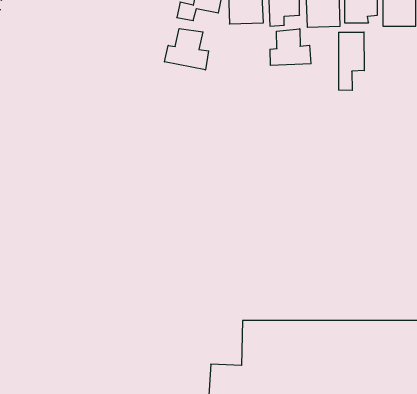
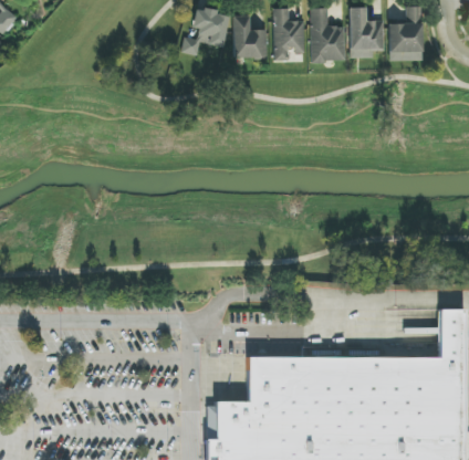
building: [165,29,209,70] -> none
building: [270,29,311,65] -> none
building: [339,32,364,90] -> none

